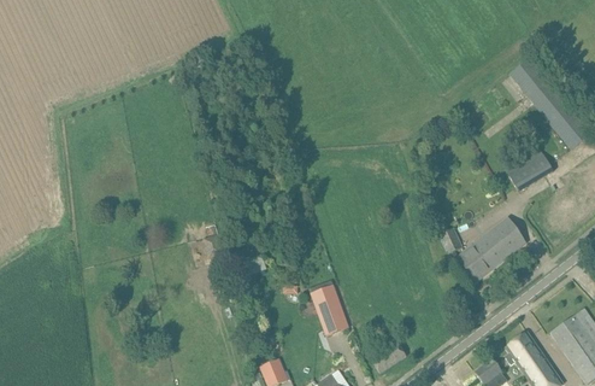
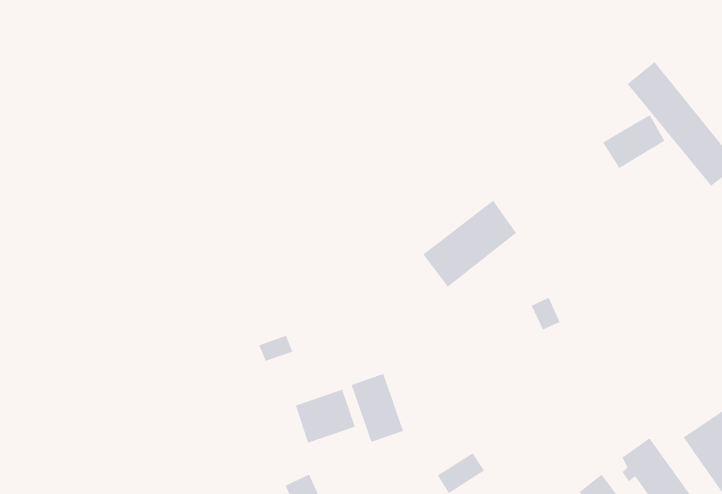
building: [507,152,553,192] -> [602,114,665,169]
building: [456,217,525,281] -> [423,200,517,287]
building: none -> [295,389,355,443]

